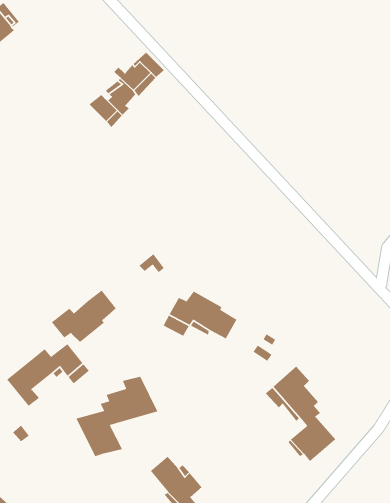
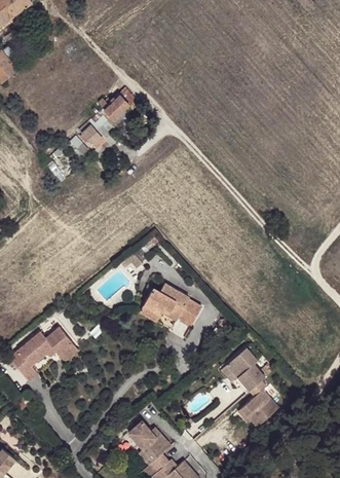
building: [51,290,117,343] -> none
building: [75,376,158,457] -> none

